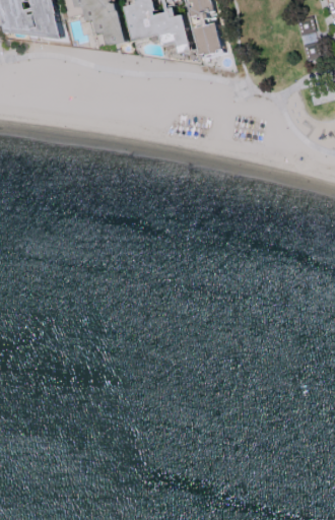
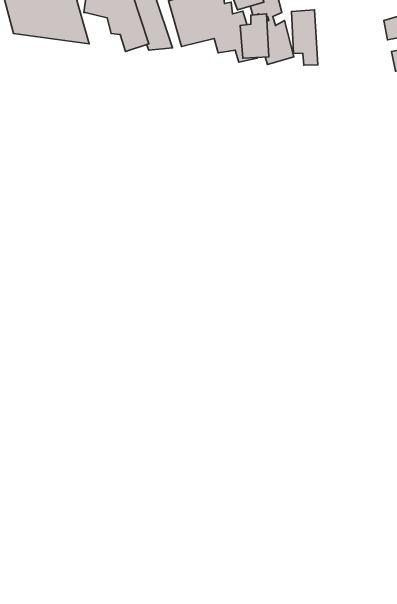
building: none -> [292,10,318,65]

